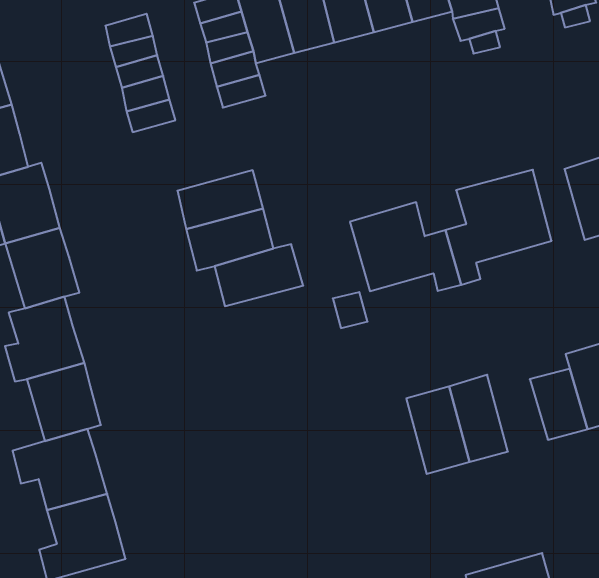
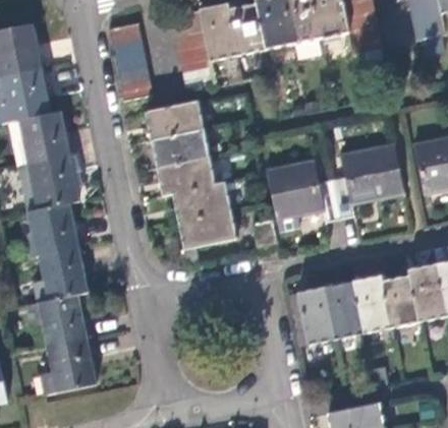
building: none -> [146,101,203,139]
building: none -> [177,209,236,247]
building: none -> [351,273,389,331]

